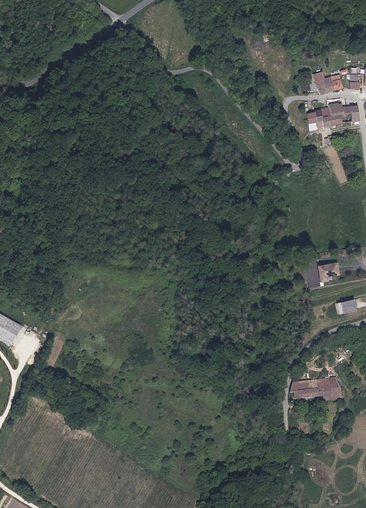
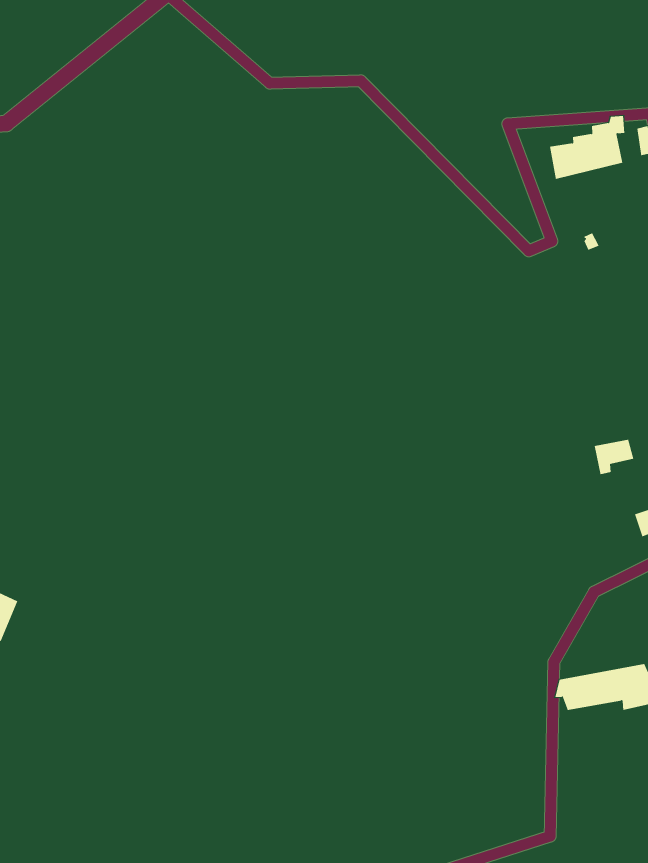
building: [313,72,342,95] -> none

